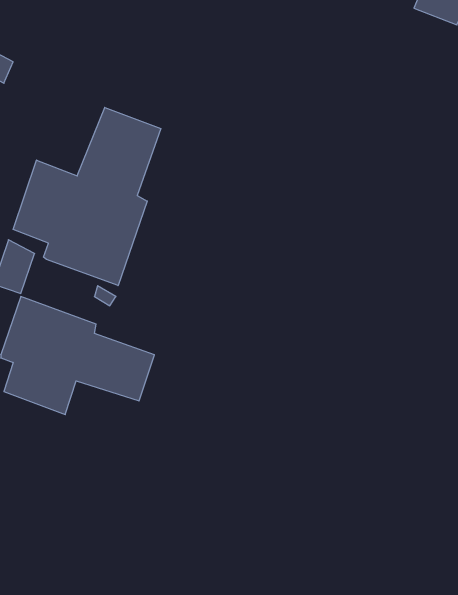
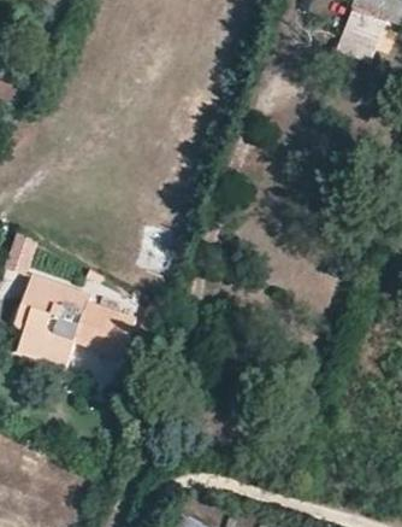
building: [13,107,161,286] -> none

